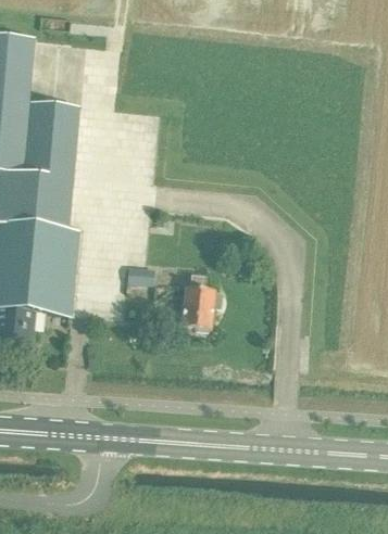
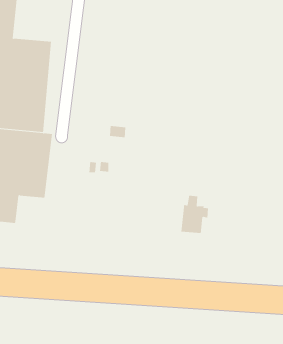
building: [183,276,221,327] -> [180,195,209,234]

